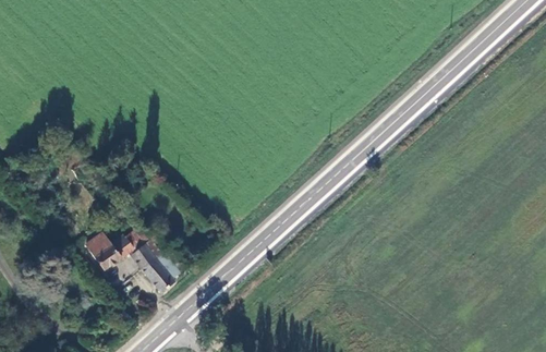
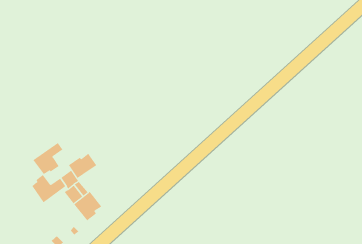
building: none -> [33,142,63,175]
building: none -> [68,153,97,179]

